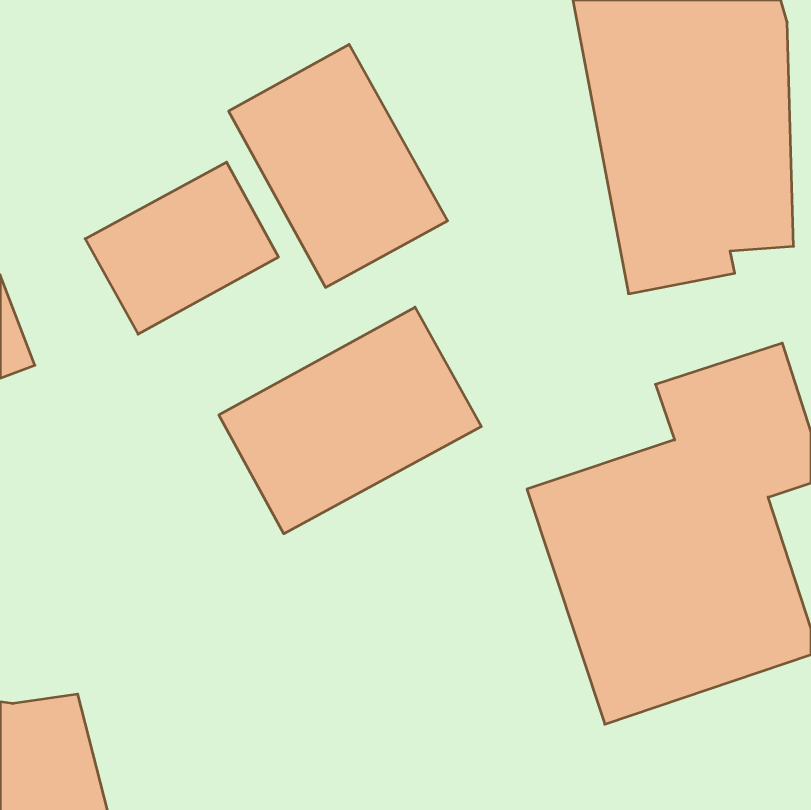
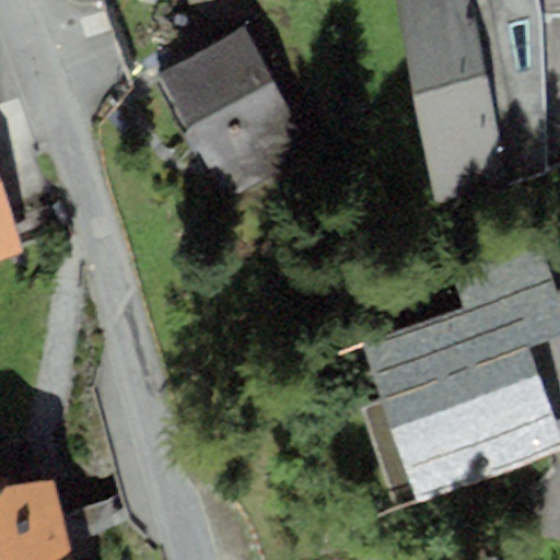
building: [85,162,278,334] -> none
building: [219,307,481,534] -> none

